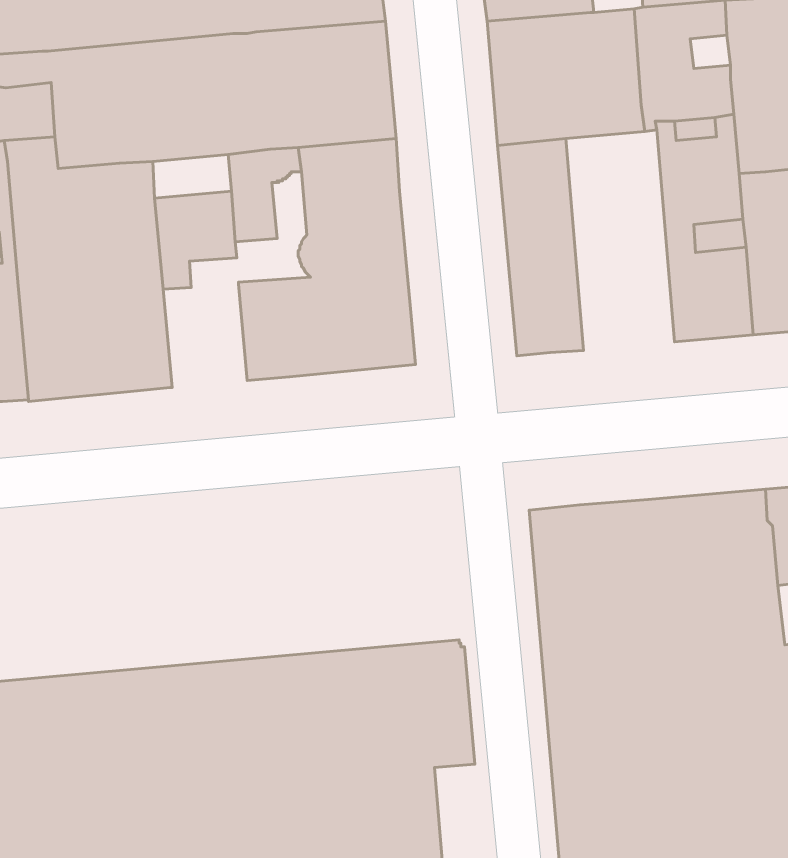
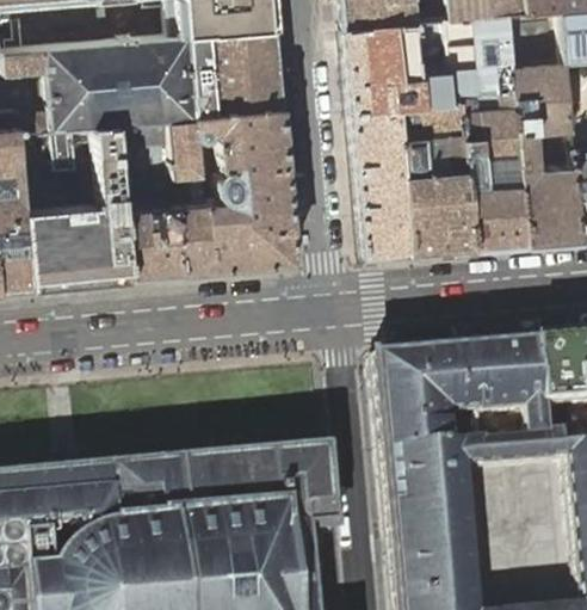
building: none -> [398,100,472,251]
building: none -> [117,117,171,147]
building: none -> [124,187,181,276]

